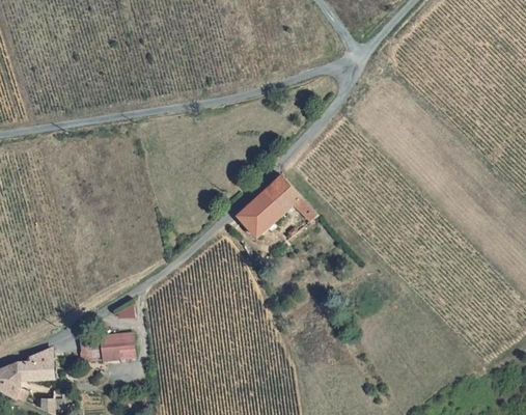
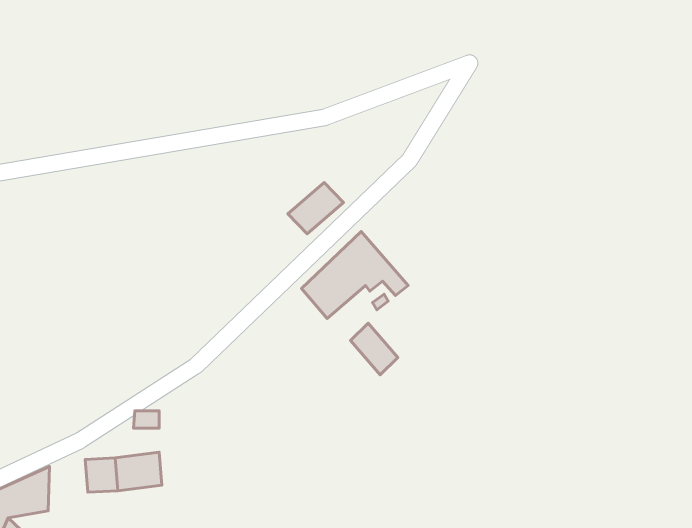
building: none -> [288,183,343,234]
building: none -> [350,323,398,375]

